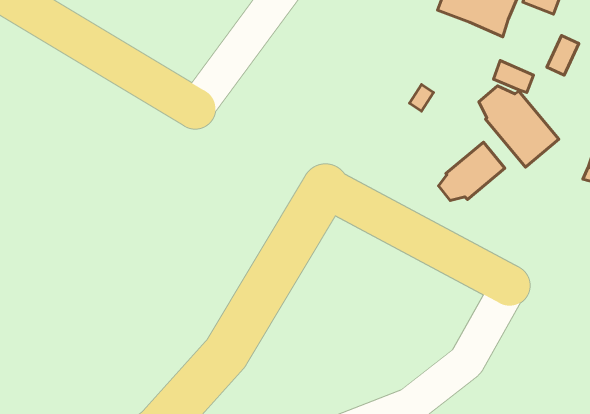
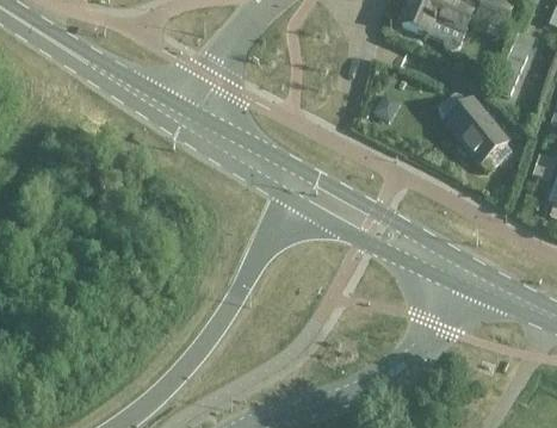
building: [438,142,505,201] -> none

